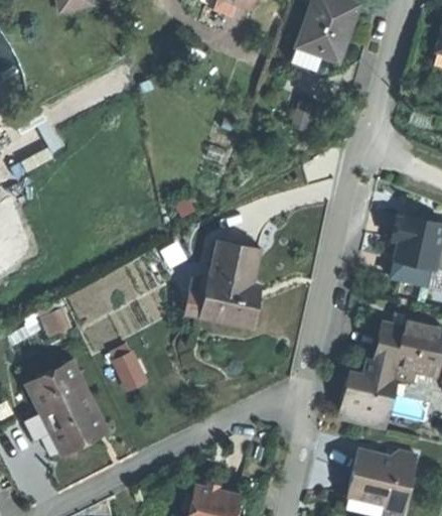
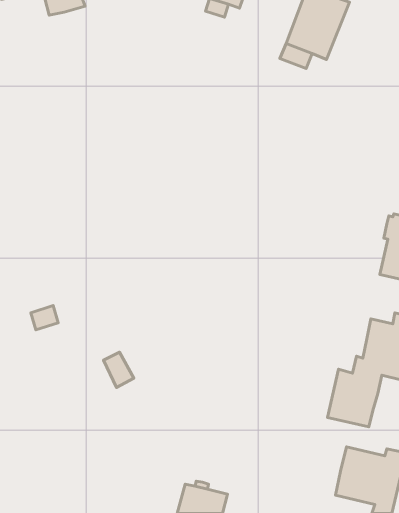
building: [198,236,260,319] -> none
building: [29,366,106,455] -> none

